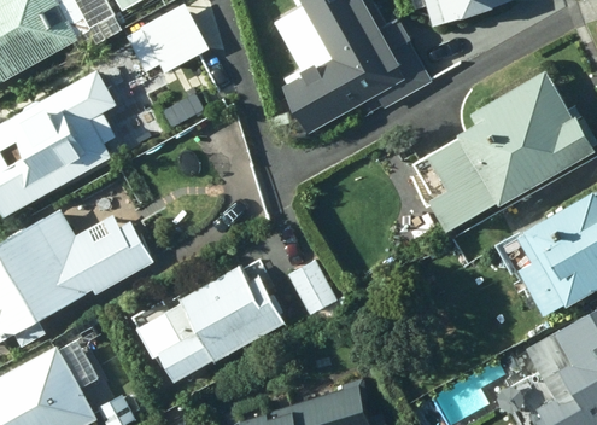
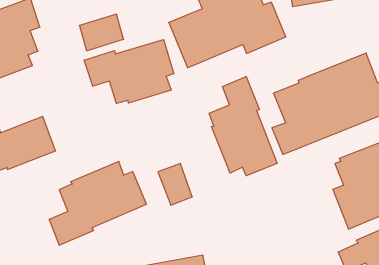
building: none -> [84,40,174,104]
building: none -> [209,76,277,176]

